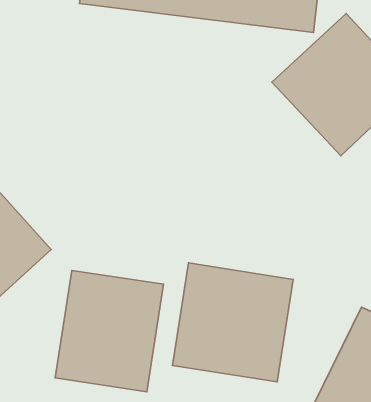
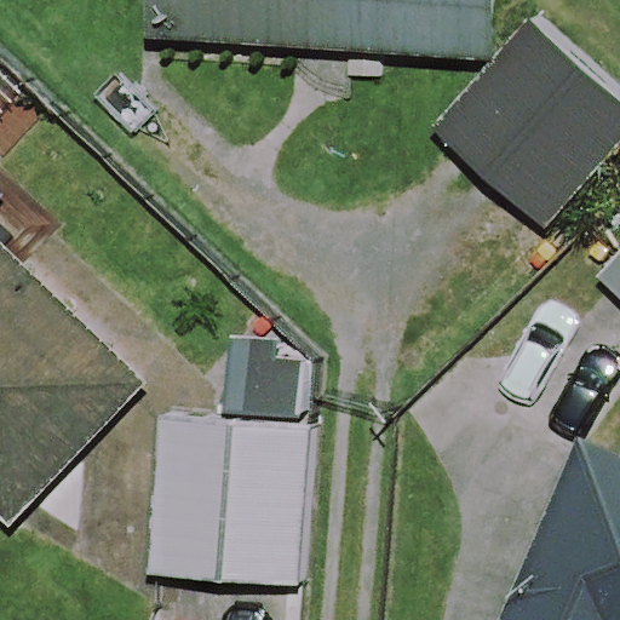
building: [173,263,293,382] -> none

